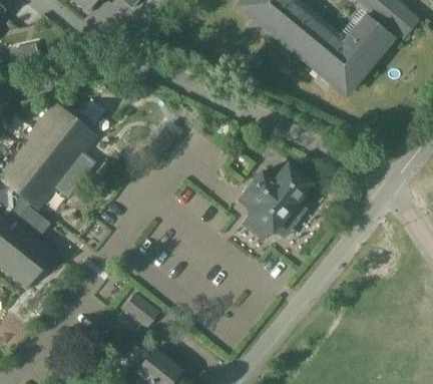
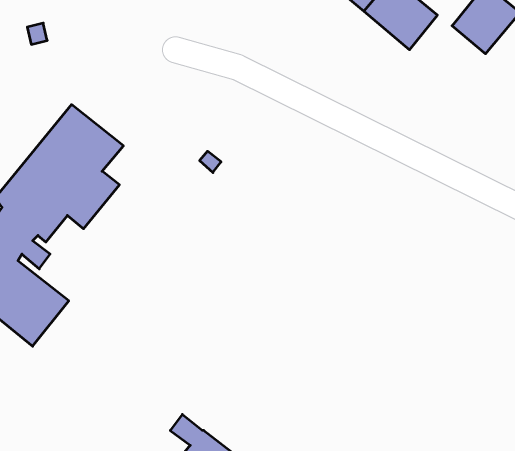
building: [309,37,366,92] -> none
building: [244,164,310,232] -> none
building: [122,293,158,327] -> none

